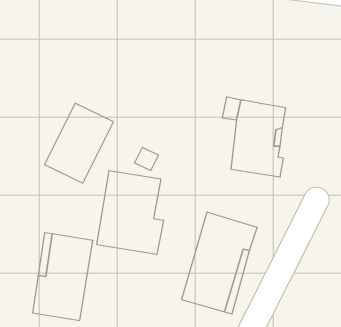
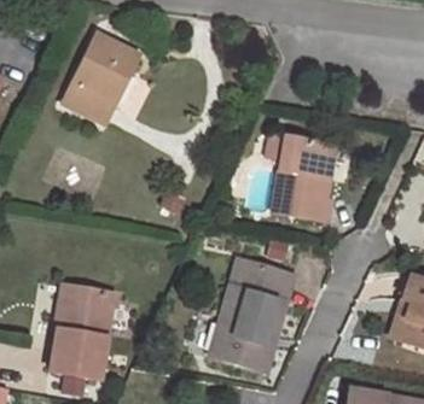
building: [44,103,113,183] -> [64,34,140,122]
building: [97,170,163,255] -> none

